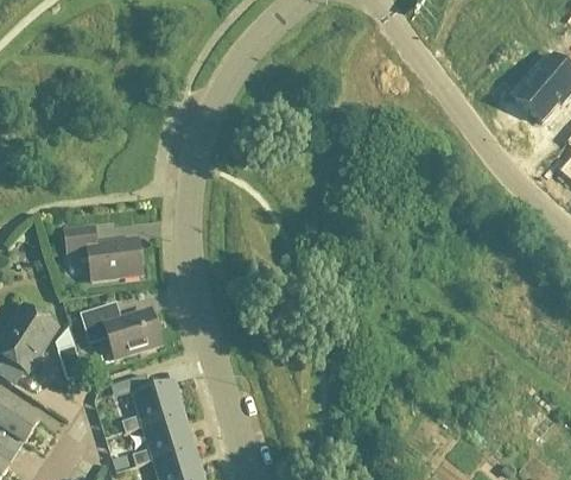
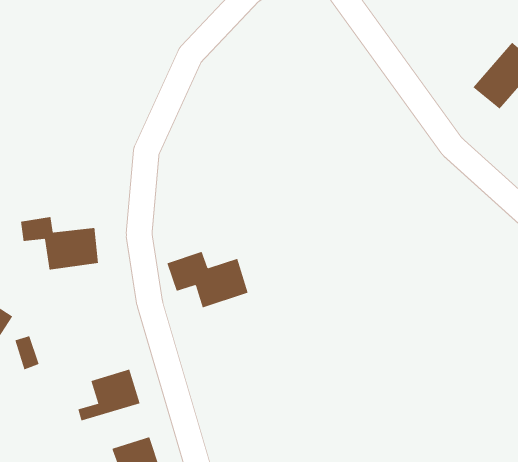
building: [78,302,160,359] -> [167,251,249,308]
building: [131,413,192,466] -> none

